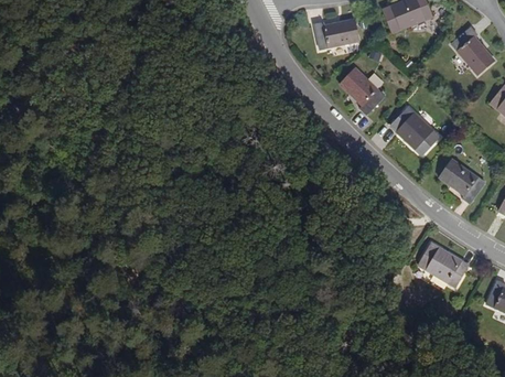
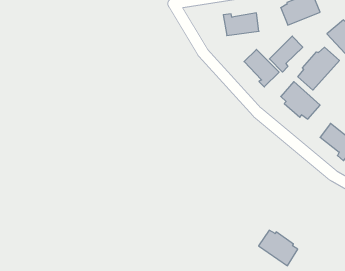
building: none -> [269,36,303,72]
building: none -> [298,47,339,90]
building: [411,241,461,287] -> [259,230,298,266]

